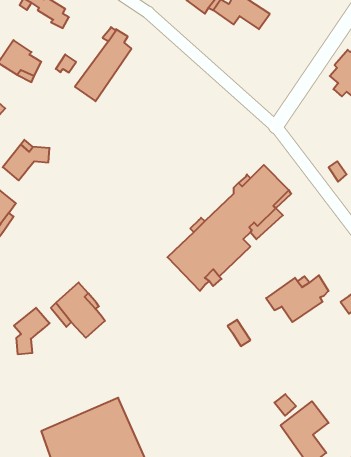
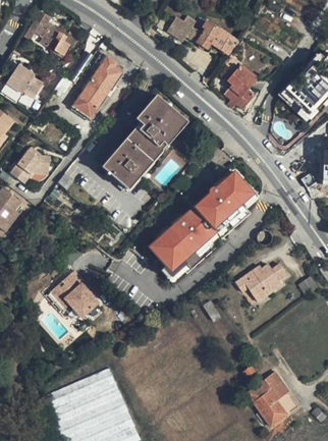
building: none -> [224,65,256,108]
building: none -> [103,98,182,188]
building: [14,308,50,354] -> none

